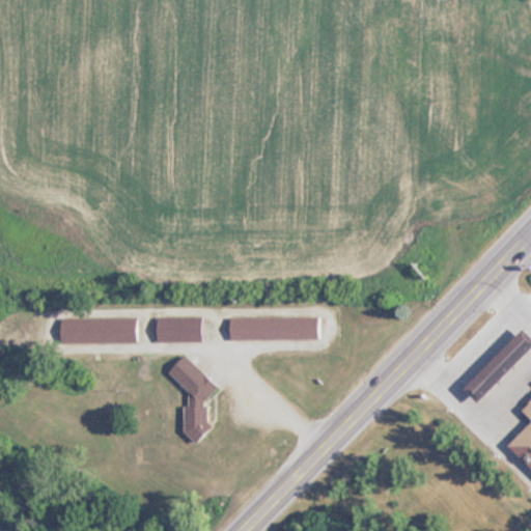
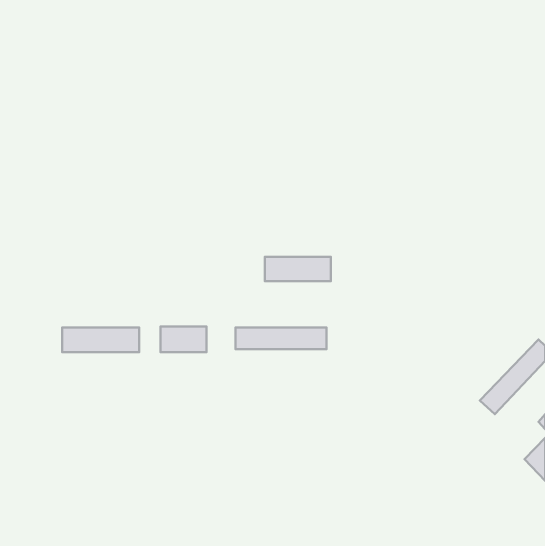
building: none -> [265,257,331,281]
building: [168,356,217,442] -> none

